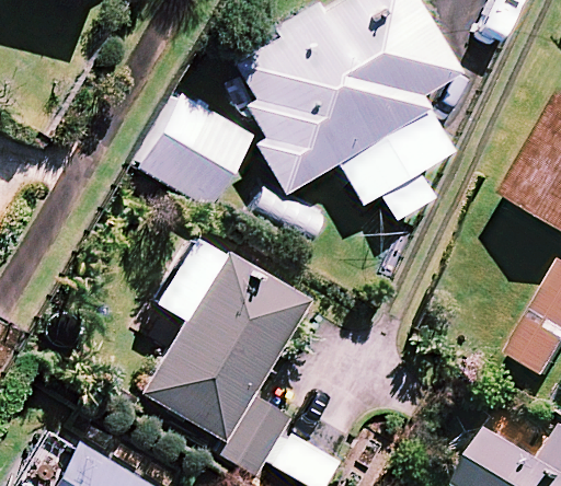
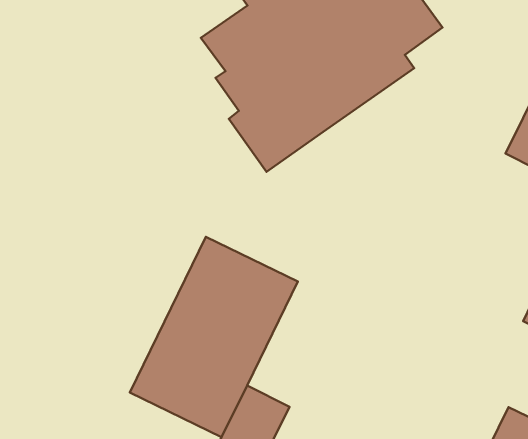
building: [137,92,253,208] -> none
building: [339,106,457,204] -> none

